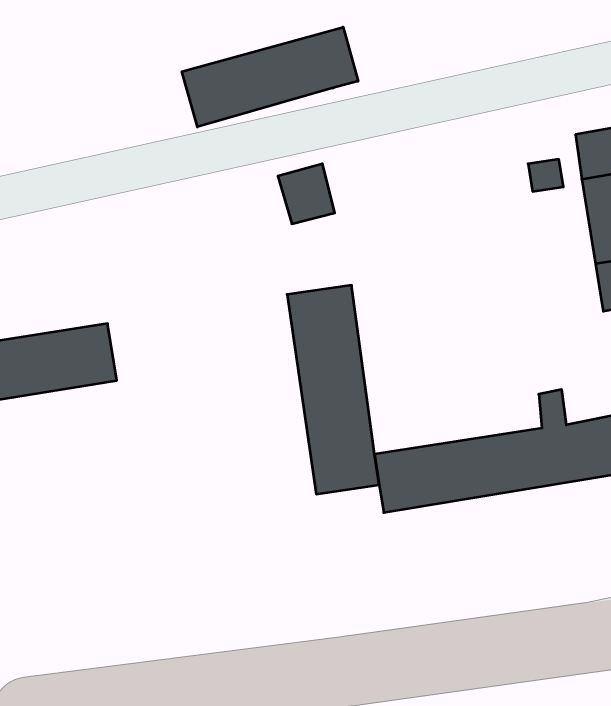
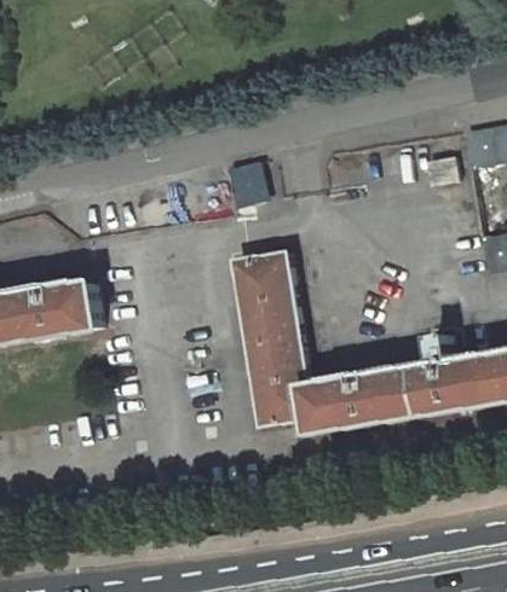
building: [182,27,358,127] -> none

